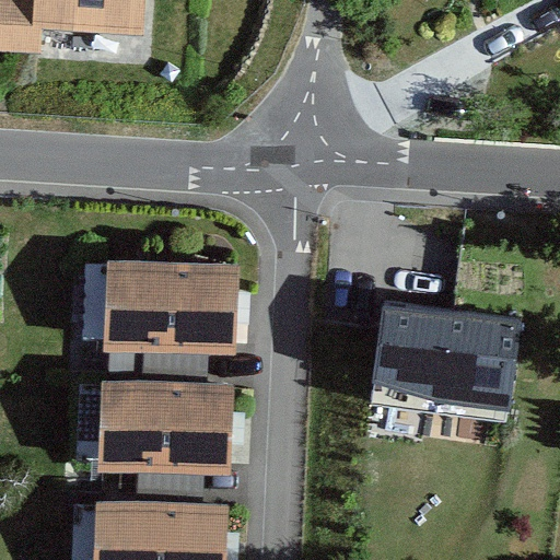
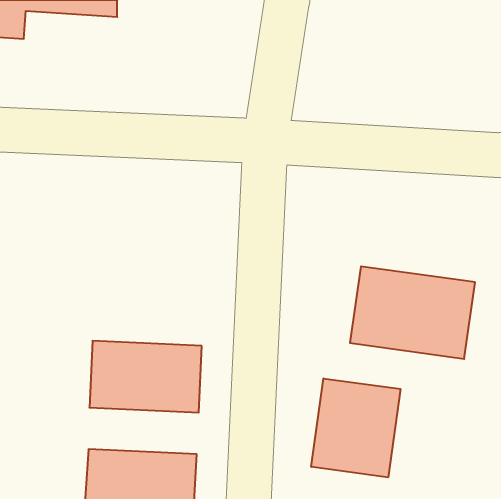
building: [104,266,228,345] -> none
building: none -> [311,378,400,477]

